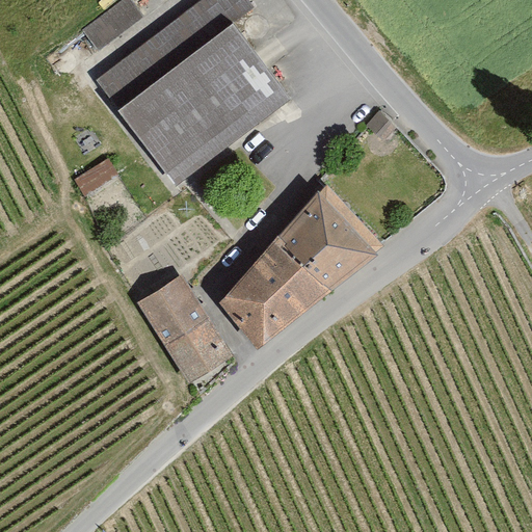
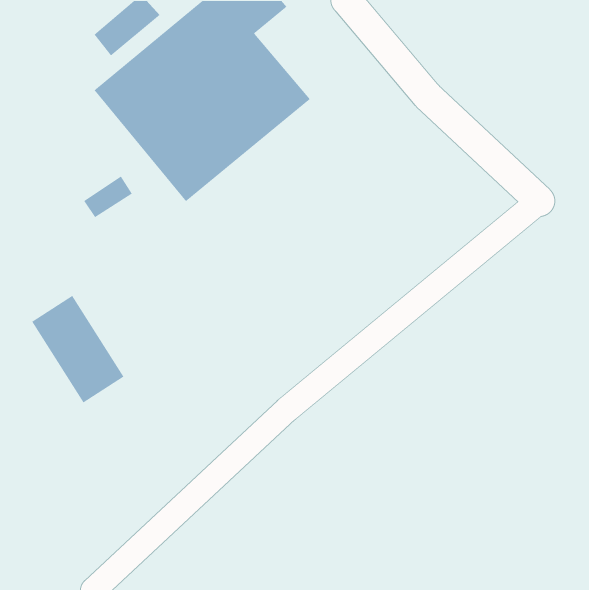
building: [225,190,379,344] -> none
building: [144,282,229,379] -> [31,295,125,403]

